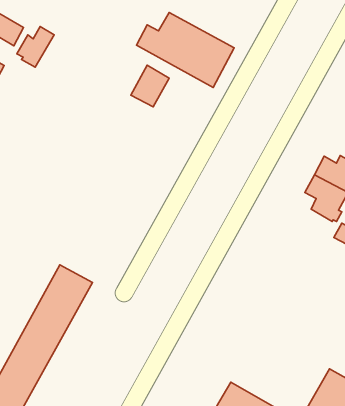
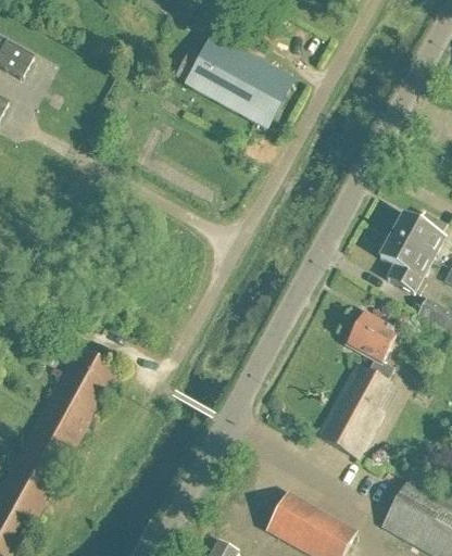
building: [17,26,54,67] -> none
building: [131,65,169,107] -> none
building: none -> [317,312,399,458]

